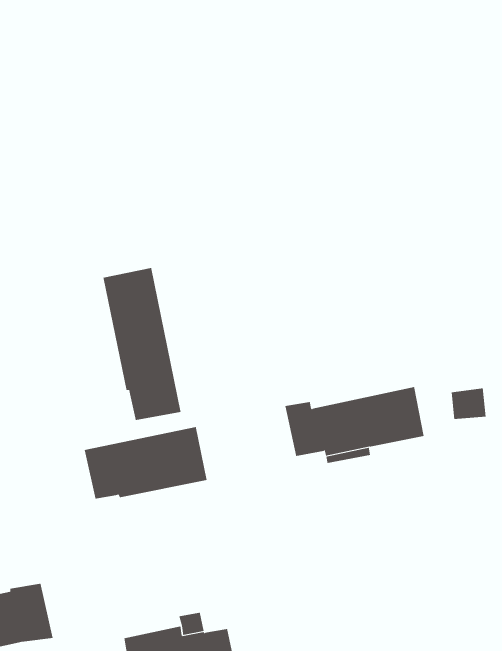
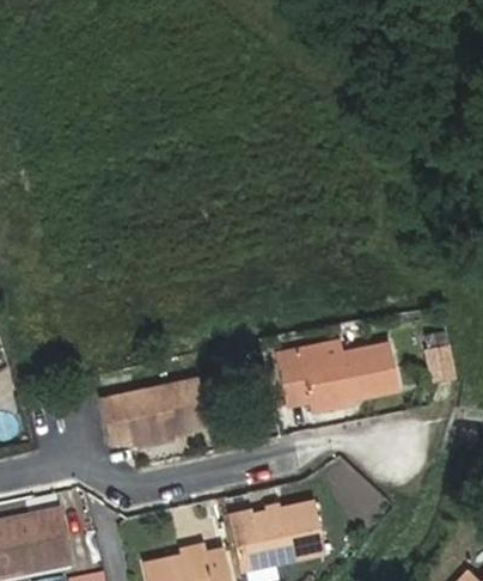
building: [103,267,181,421] -> none
building: none -> [231,499,326,567]

